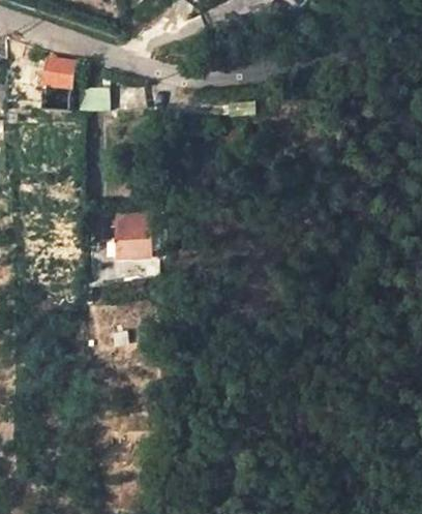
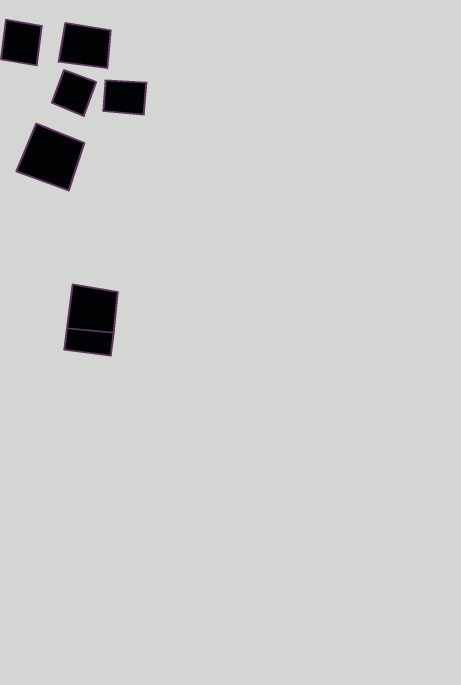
building: none -> [59,23,110,68]
building: none -> [17,124,84,191]

